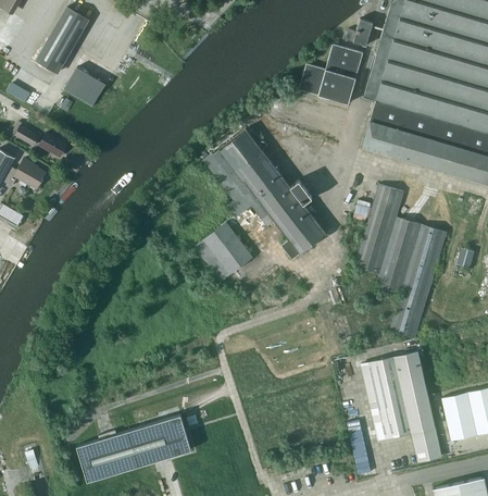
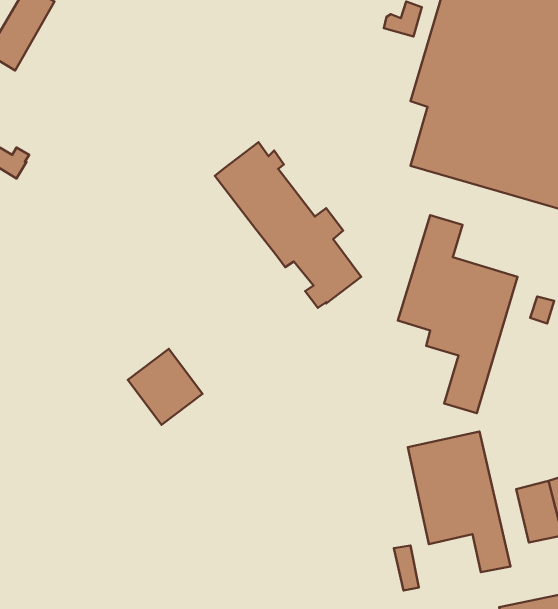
building: [298,44,362,103] -> none
building: [62,67,104,107] -> none
building: [193,223,251,282] -> [128,349,202,425]
building: [76,416,190,481] -> none

